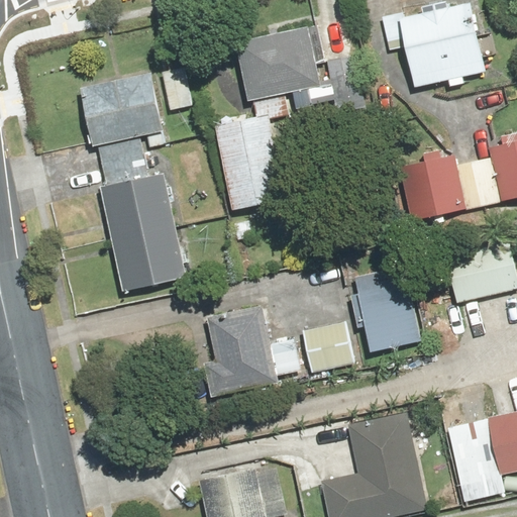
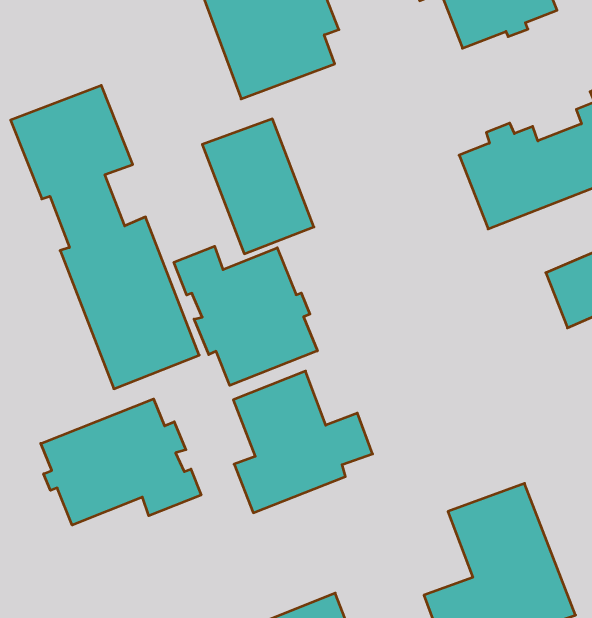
building: none -> [174,246,317,385]
building: [351,266,421,352] -> none
building: none -> [41,399,201,525]
building: [304,323,355,374] -> none

